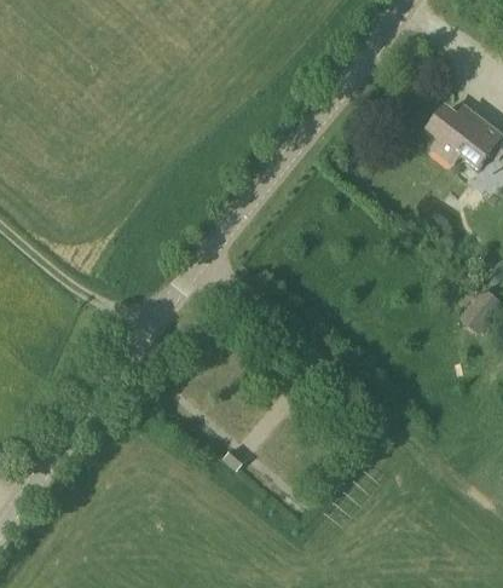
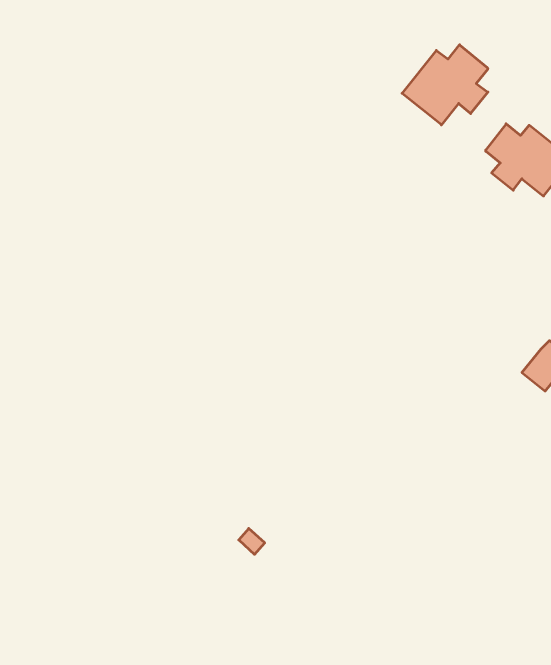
building: none -> [402,45,488,125]

